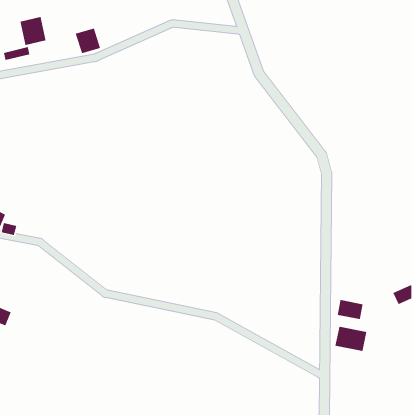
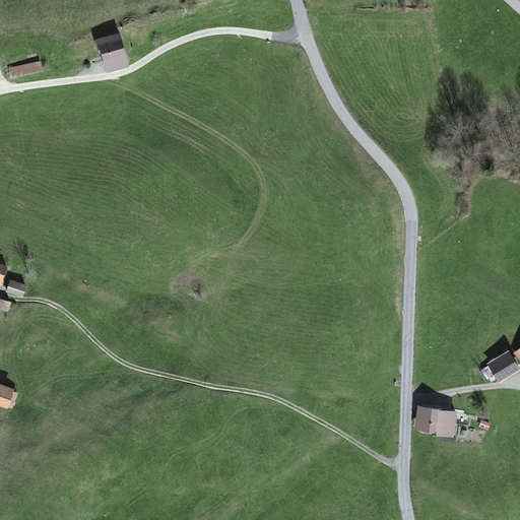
building: [20,16,46,46] -> none
building: [337,299,363,320] -> none

